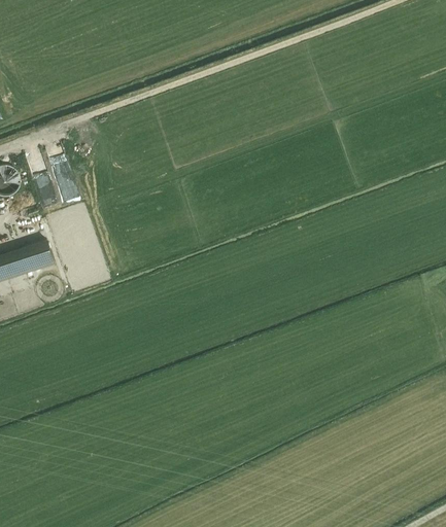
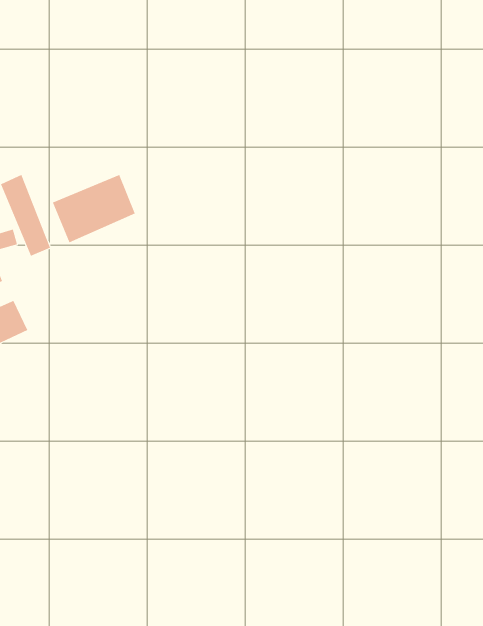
building: none -> [52,174,136,243]

